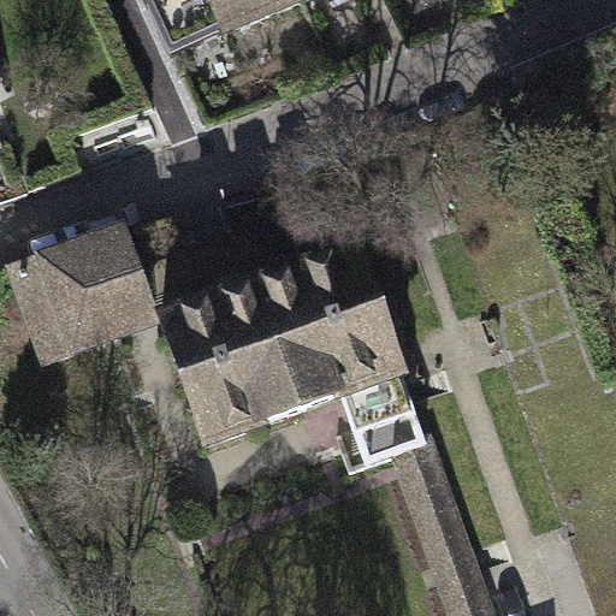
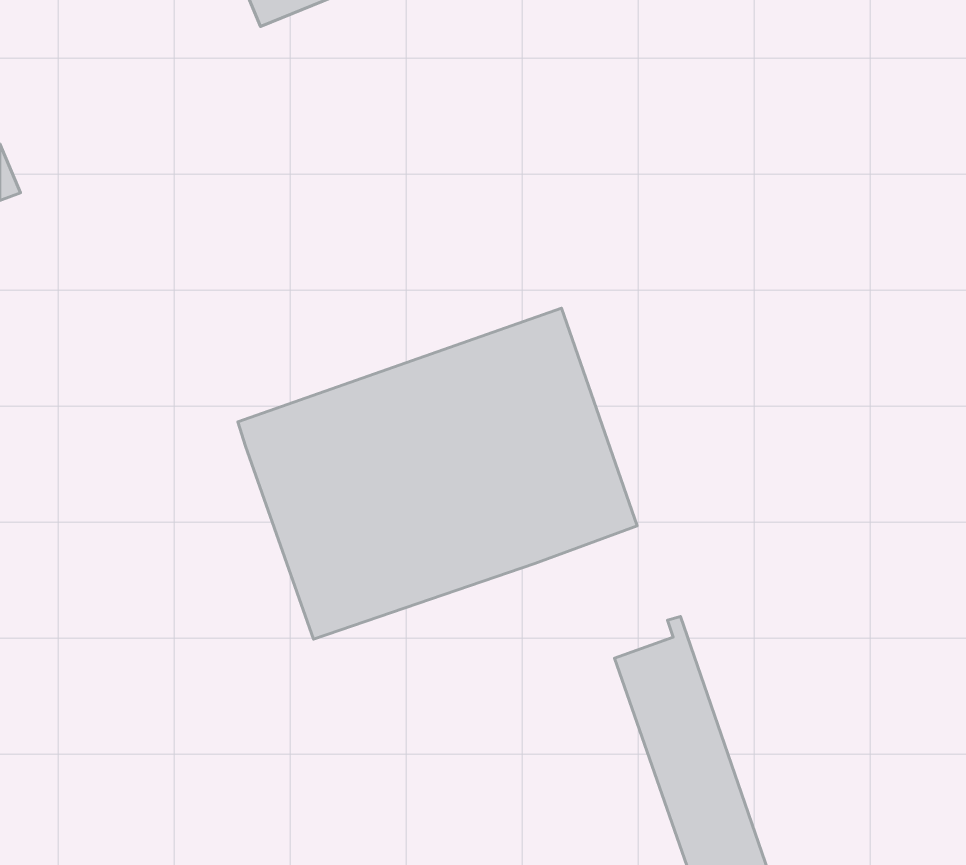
building: [6,225,156,368] -> none
building: [340,378,428,470] -> none

